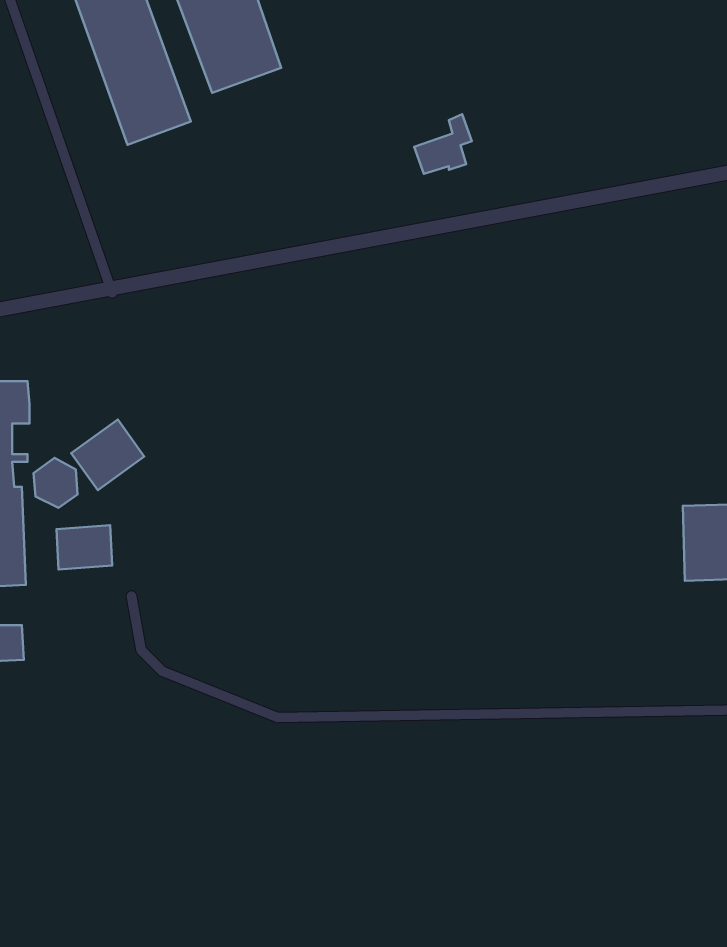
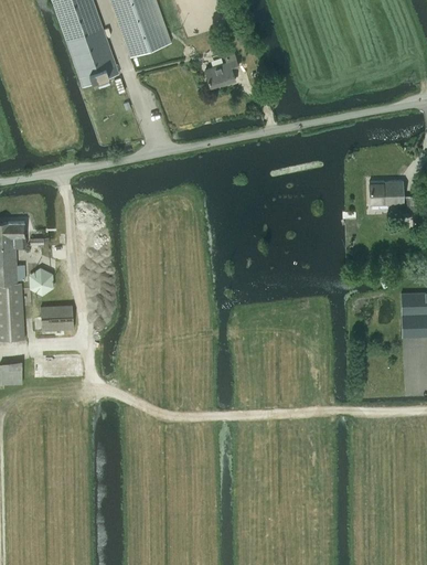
building: [414,114,472,174] -> [205,52,238,86]
building: none -> [370,181,410,211]
building: [71,419,144,490] -> none

